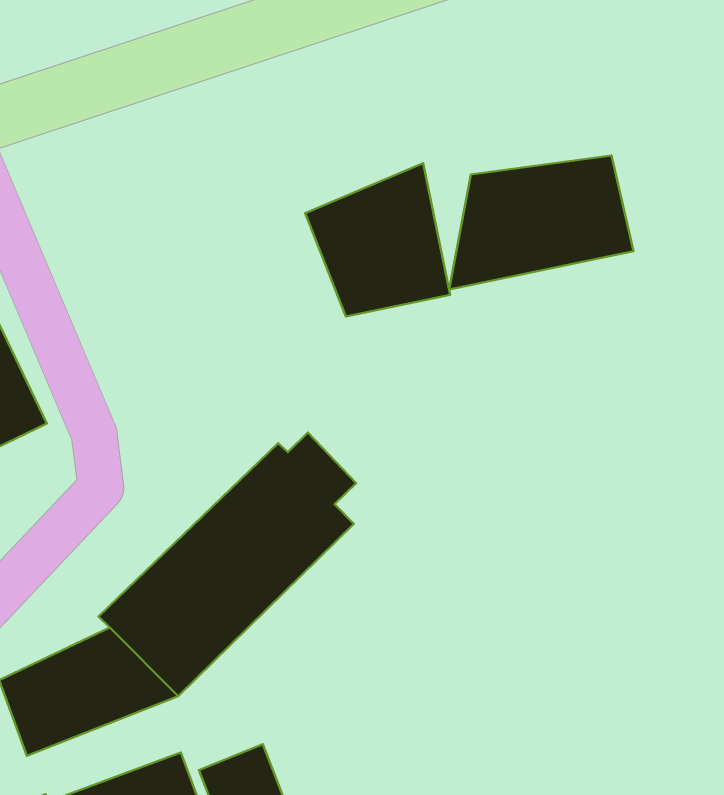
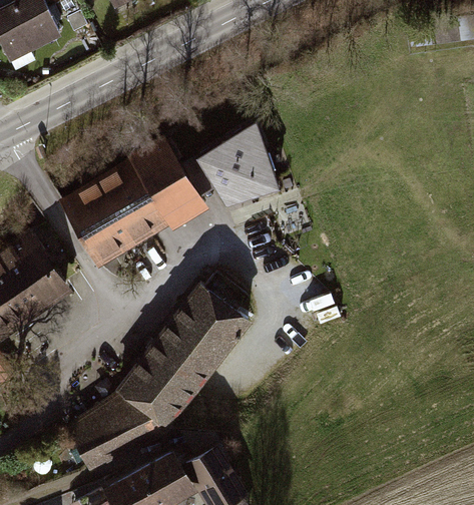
building: [449,155,633,289] -> none
building: none -> [59,142,201,266]

